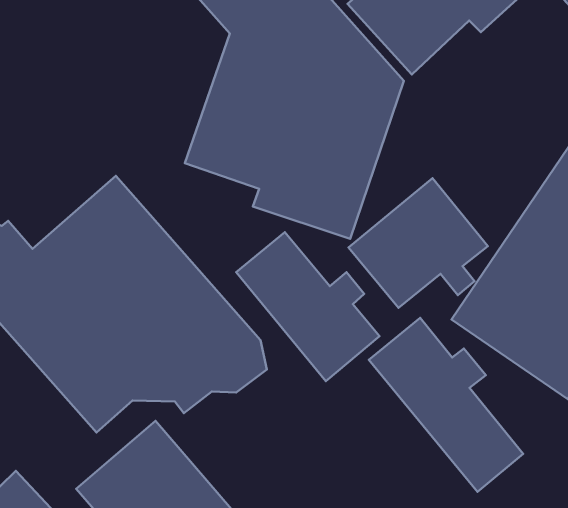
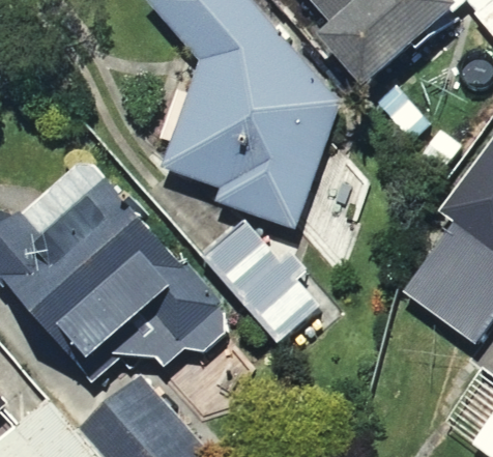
building: [349,178,488,308] -> none
building: [369,318,523,492] -> none

